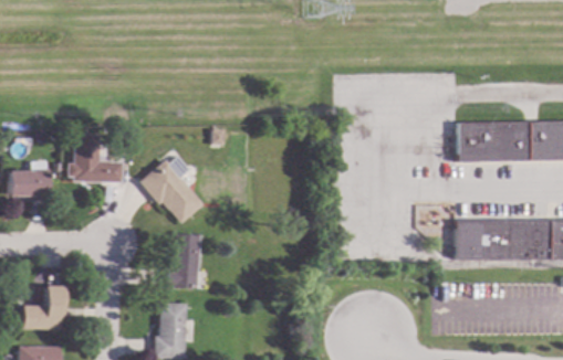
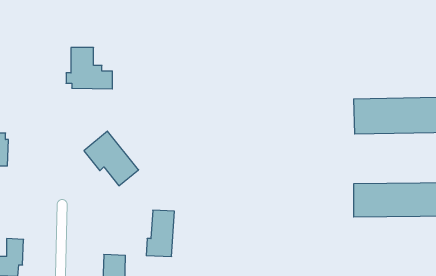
building: [67,135,122,183] -> [66,48,112,89]
building: [168,234,201,288] -> [146,210,174,256]

